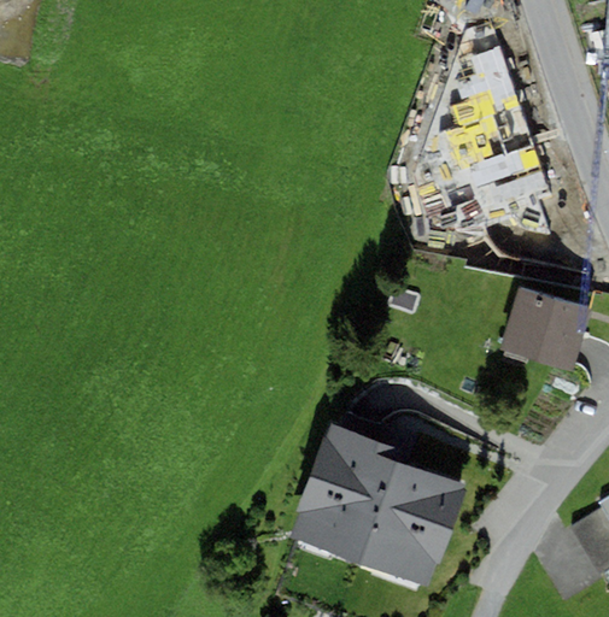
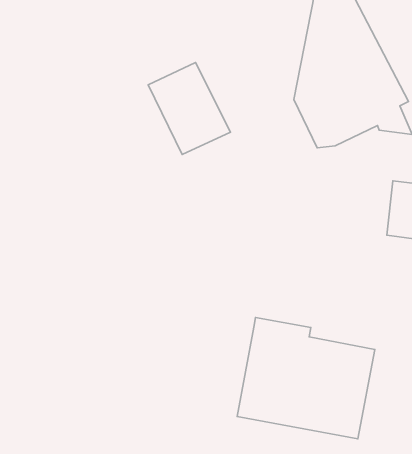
building: none -> [148,62,230,155]

